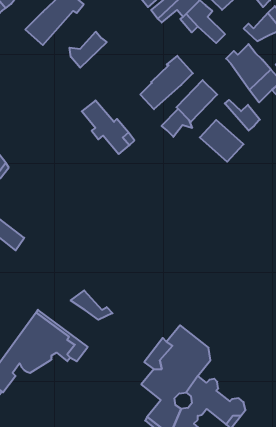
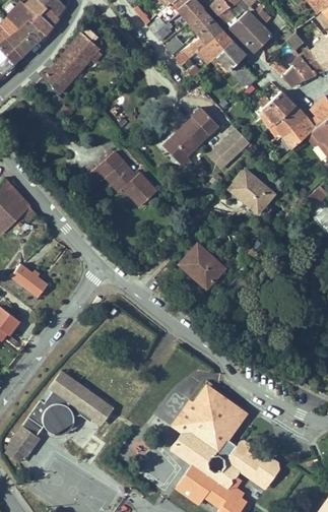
building: [70,32,107,68] -> none
building: [225,100,260,131] -> none
building: [162,109,192,137] -> none
building: none -> [91,159,122,185]
building: none -> [179,241,223,285]
building: [71,290,113,320] -> none

